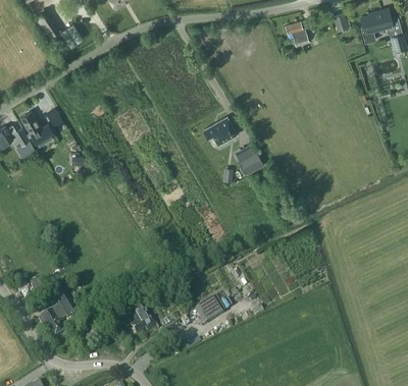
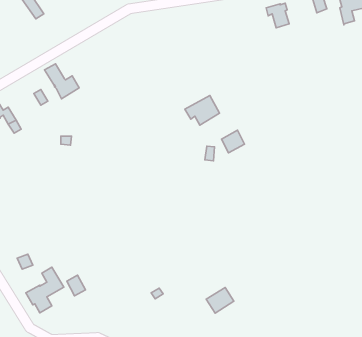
building: [19,108,55,144] -> [45,64,79,99]
building: [195,296,223,323] -> [206,287,234,313]
building: [130,304,156,333] -> none

